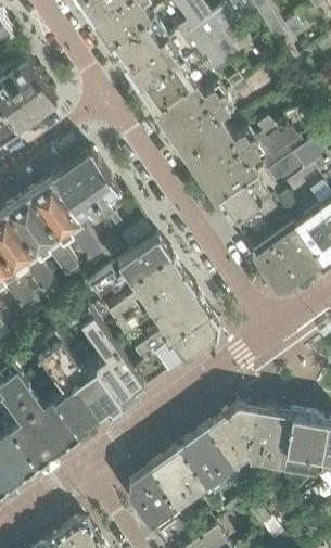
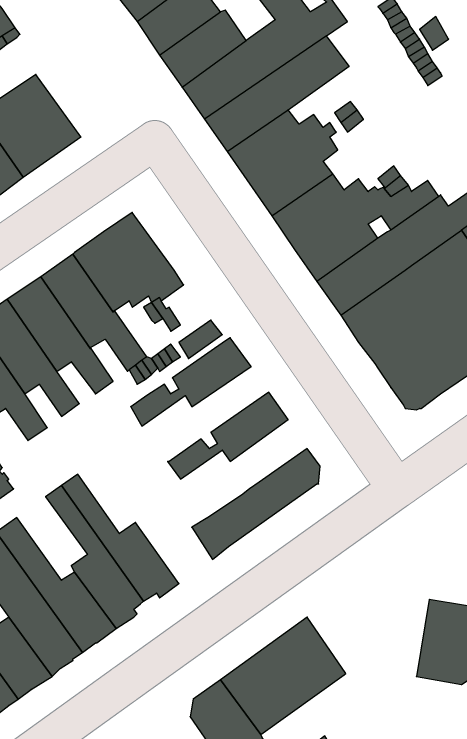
building: [107,260,183,324] -> none
building: [135,296,209,362] -> none
building: [75,310,145,407] -> none
building: [209,409,292,470] -> none

